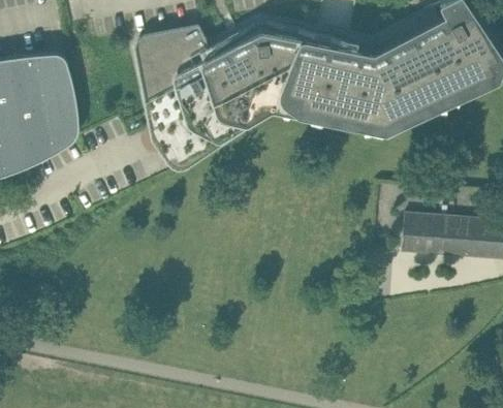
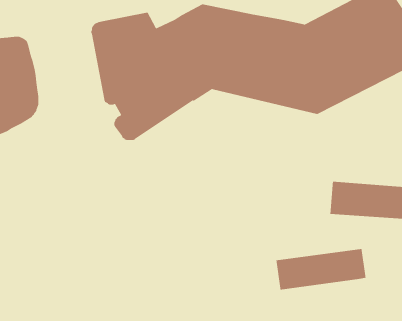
building: none -> [275,248,367,291]

